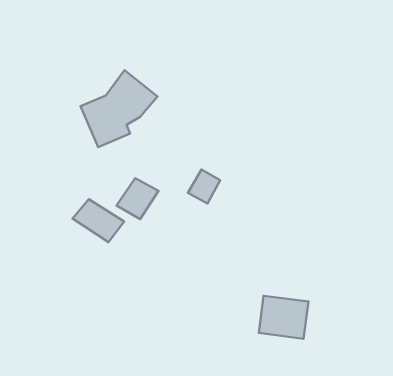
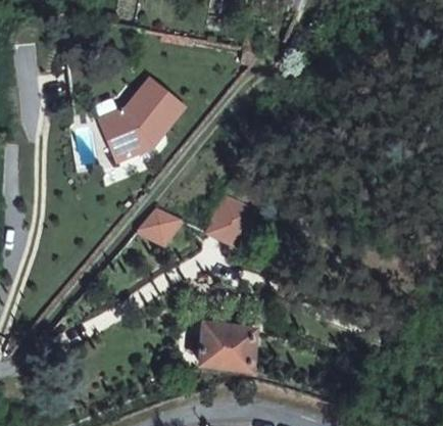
building: [73,199,124,242] -> none
building: [259,296,309,339] -> [198,326,250,371]

